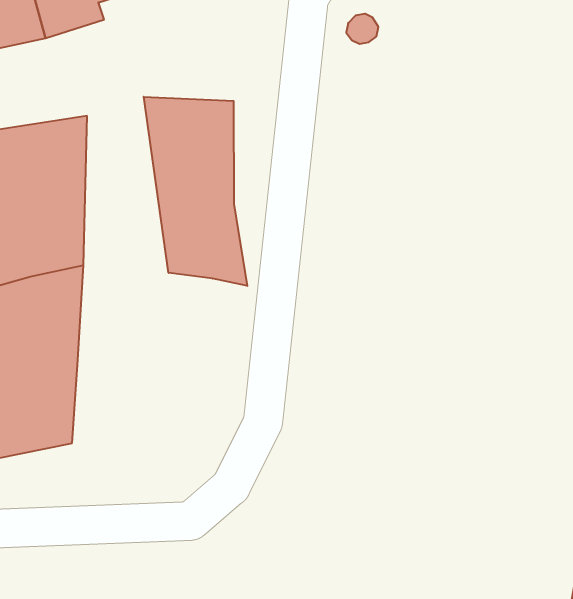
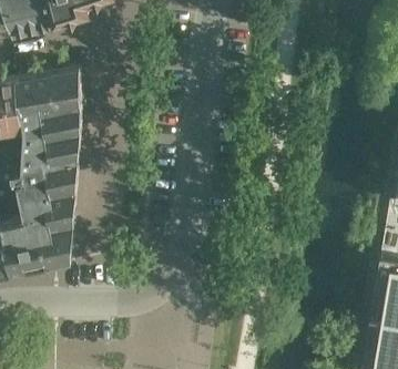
building: [144,97,247,286] -> none

